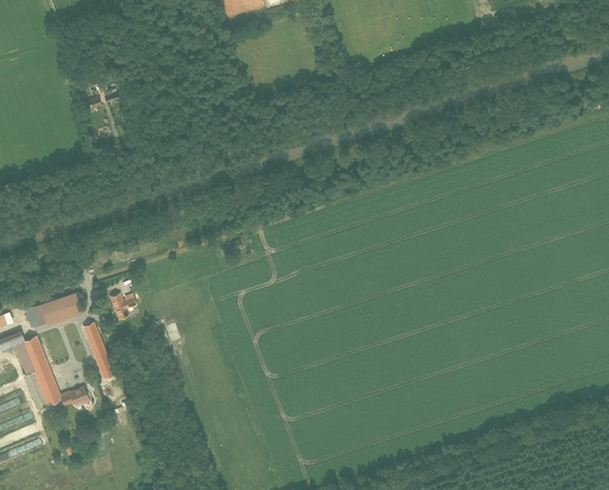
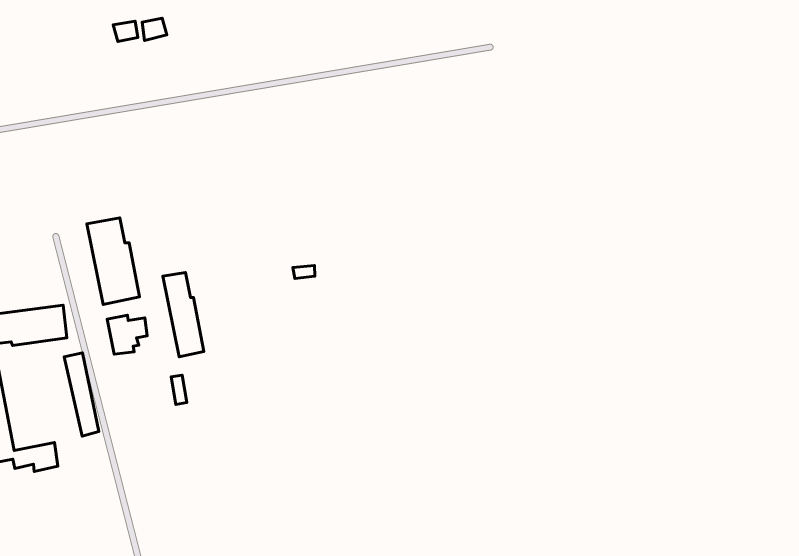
building: none -> [87,218,139,305]
building: none -> [163,273,204,357]

